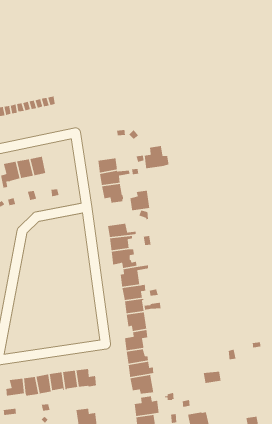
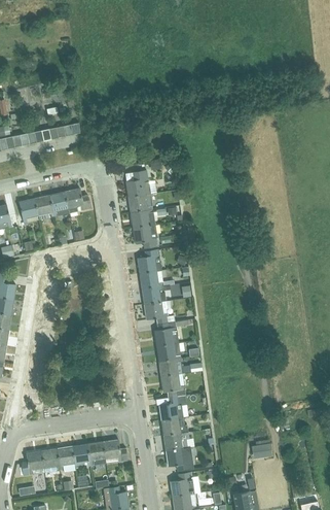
building: [144,145,169,169] -> [125,170,155,198]
building: none -> [64,189,89,213]
building: [130,190,150,211] -> [137,249,160,274]

